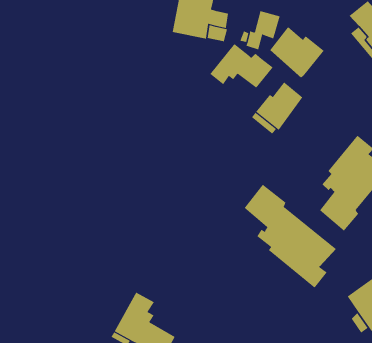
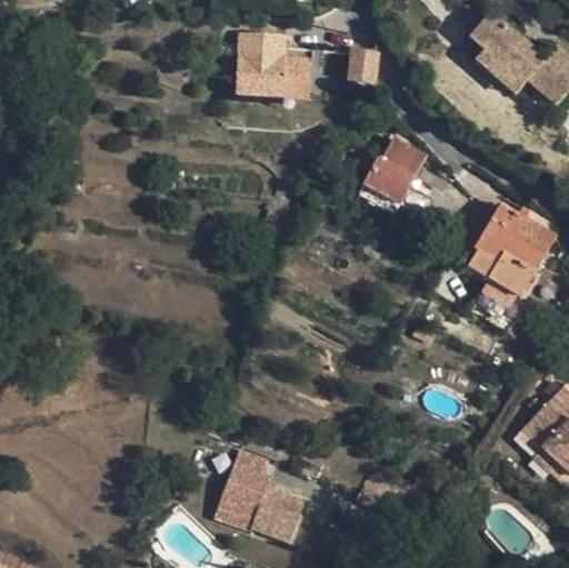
building: [269,26,324,79] -> none
building: [209,43,273,89] -> none
building: [244,184,337,288] -> none

